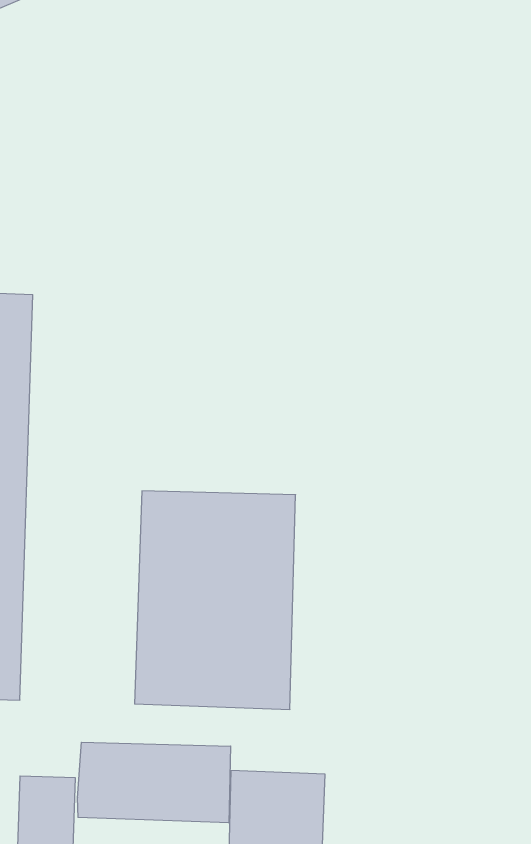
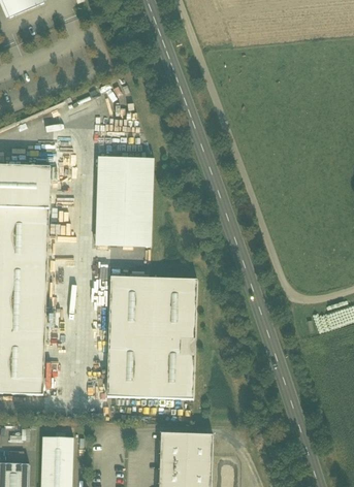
building: none -> [95,157,153,247]
building: [78,742,231,823] -> none

